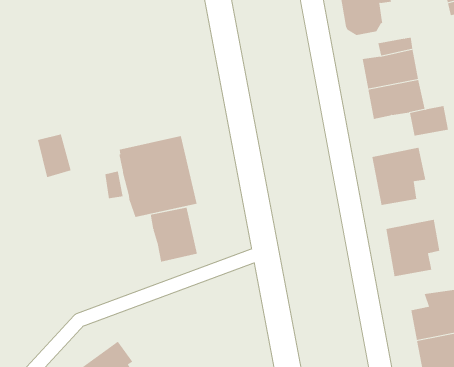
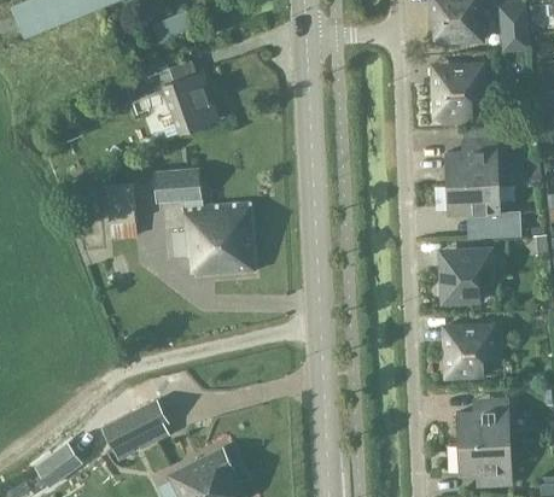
building: none -> [127,66,221,138]
building: none -> [156,168,204,200]
building: [150,207,197,263] -> none

